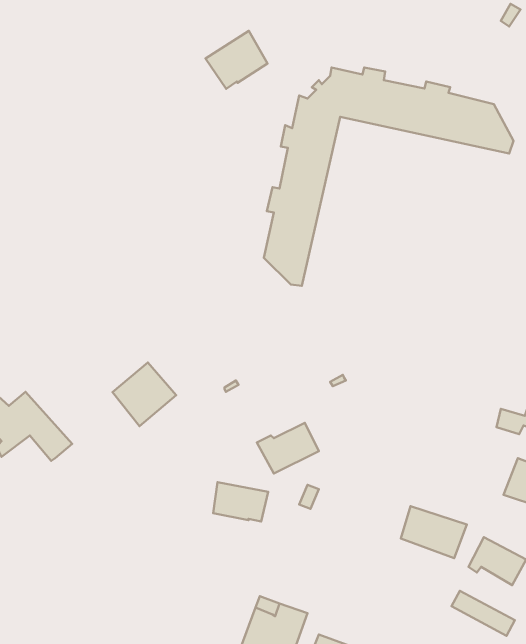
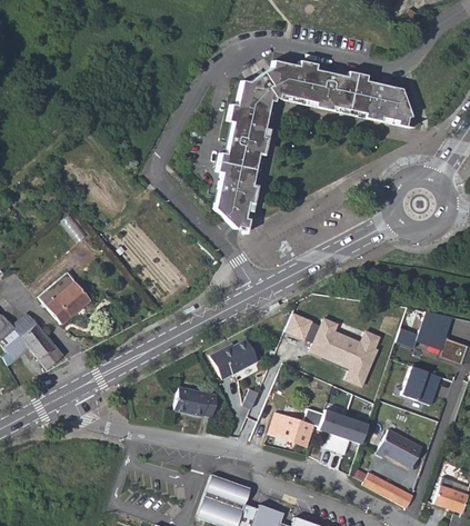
building: [205,31,267,89] -> none
building: [113,363,176,426] -> [40,274,90,324]
building: none -> [288,311,316,340]
building: none -> [312,316,381,385]
building: none -> [269,411,316,444]

